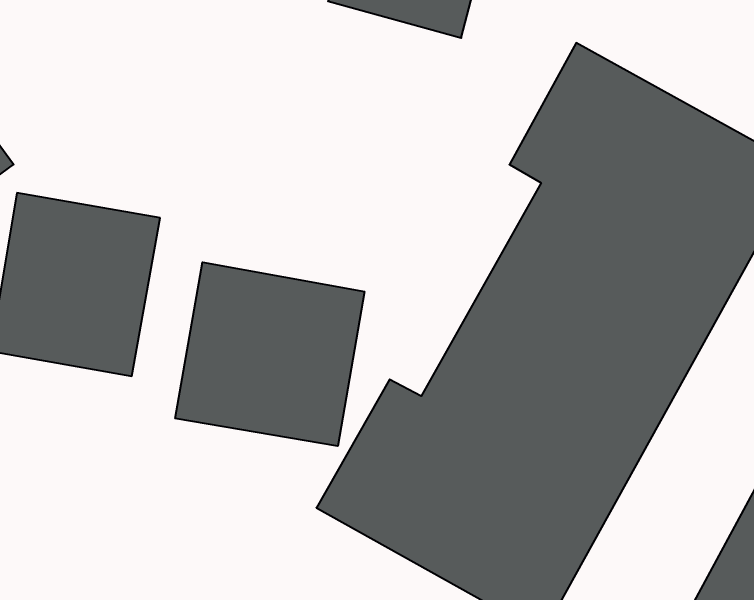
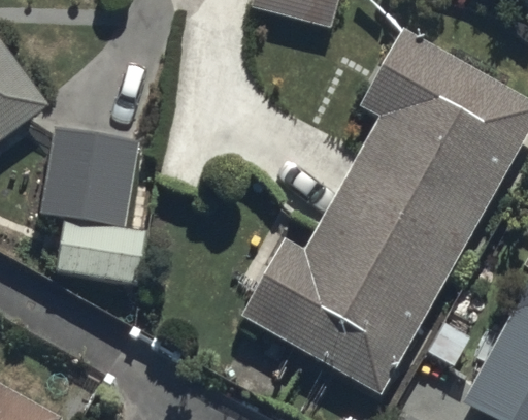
building: [175,262,364,446] -> none

